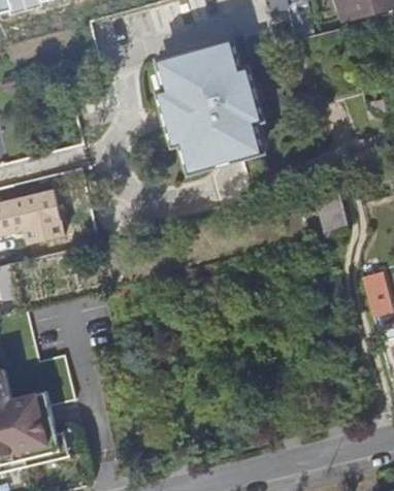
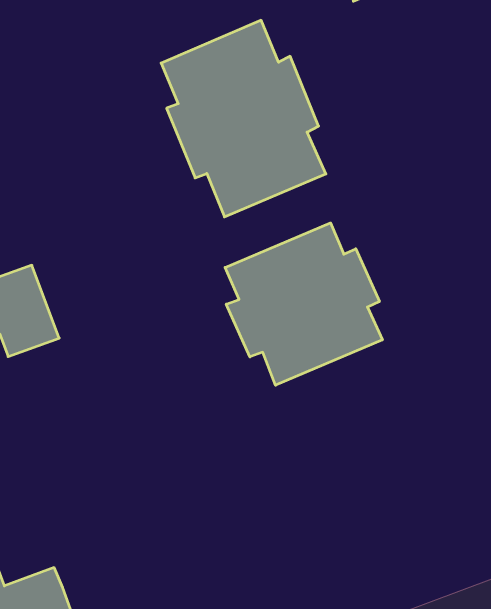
building: none -> [225,223,382,385]
building: [316,186,349,236] -> none

